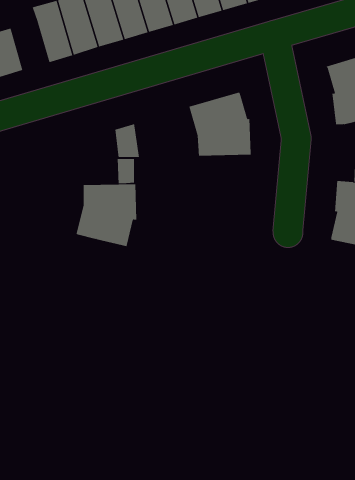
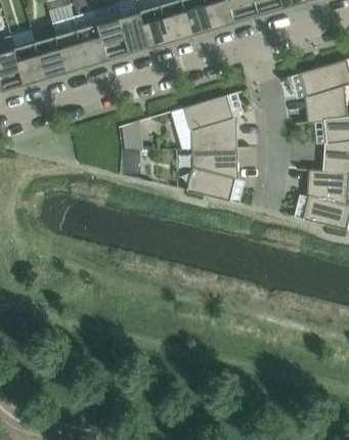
building: none -> [34,36,66,78]
building: [75,184,137,247] -> [185,149,237,203]

